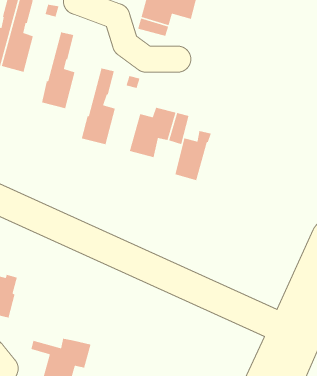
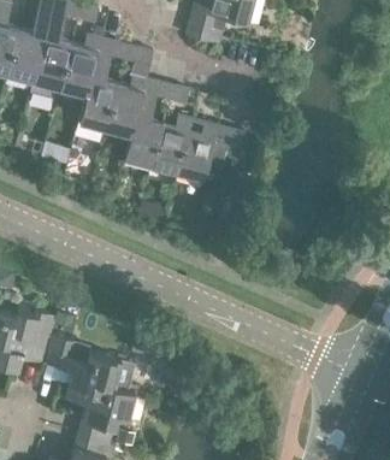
building: none -> [58,37,99,95]
building: none -> [105,51,152,135]
building: [174,130,212,181] -> [150,118,193,176]
building: none -> [41,337,120,397]

